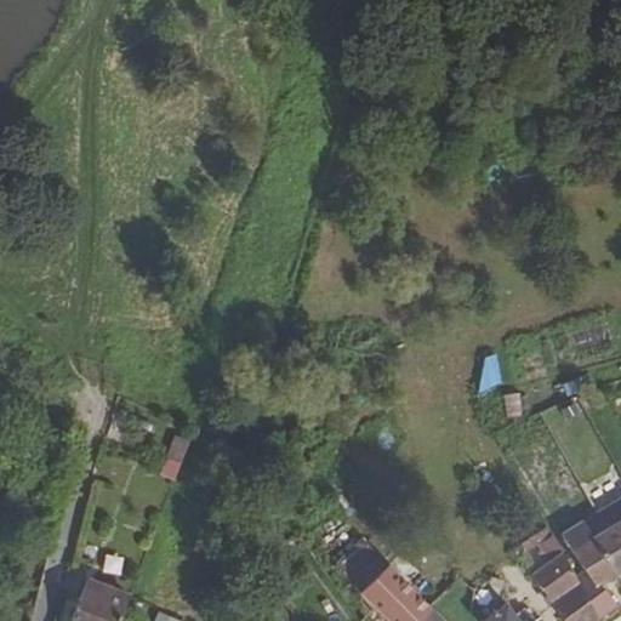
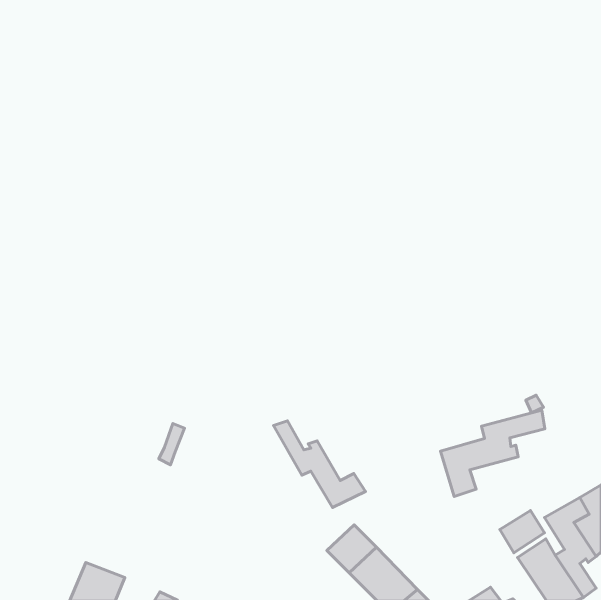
building: none -> [440,410,545,496]
building: none -> [273,421,365,507]

